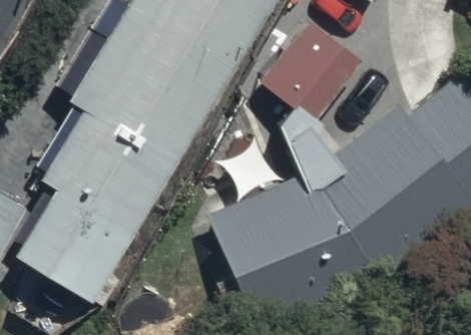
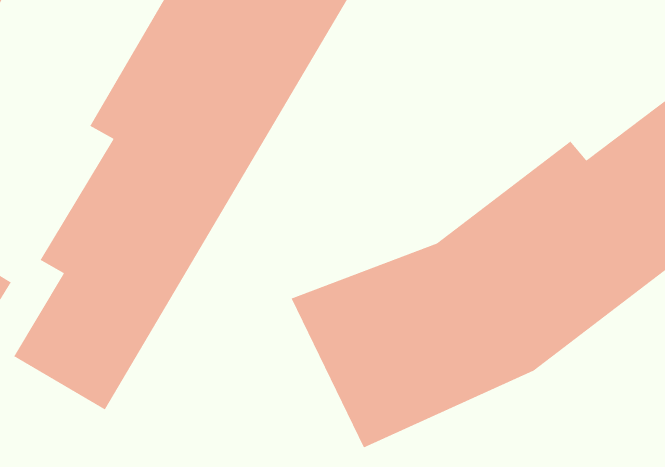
building: [257,19,362,127] -> none

